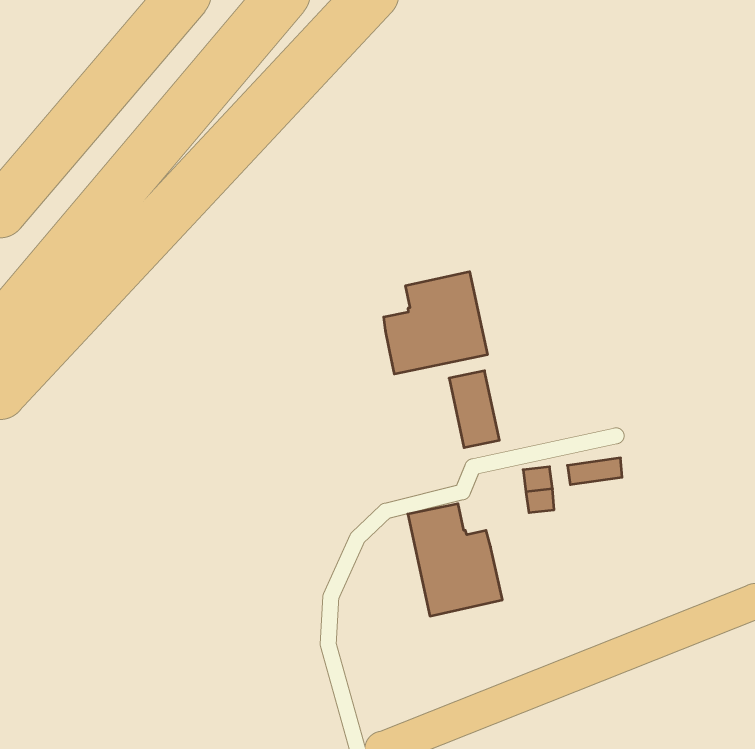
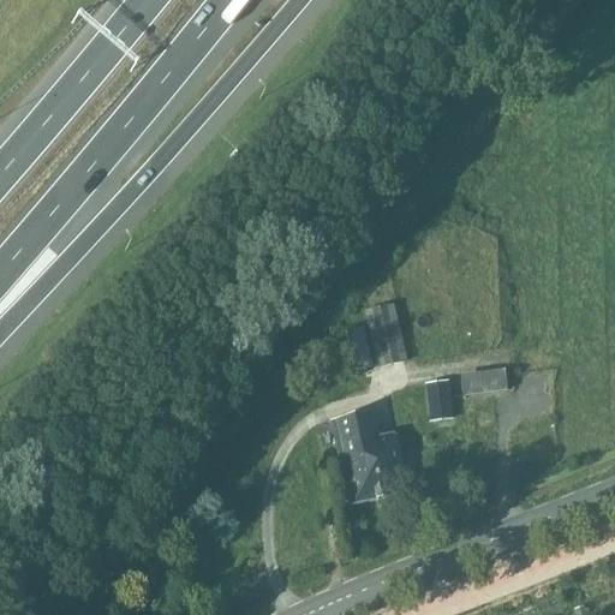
building: [384,272,487,374] -> none

